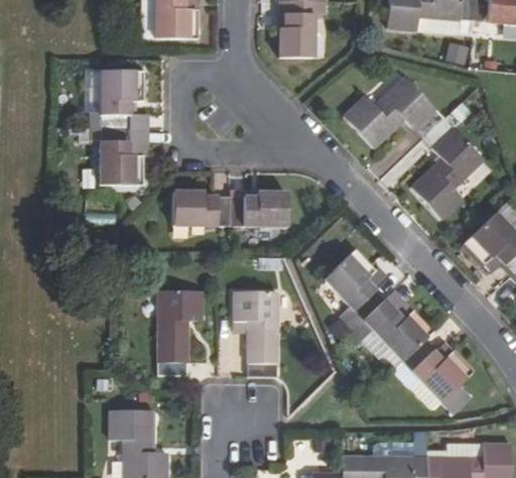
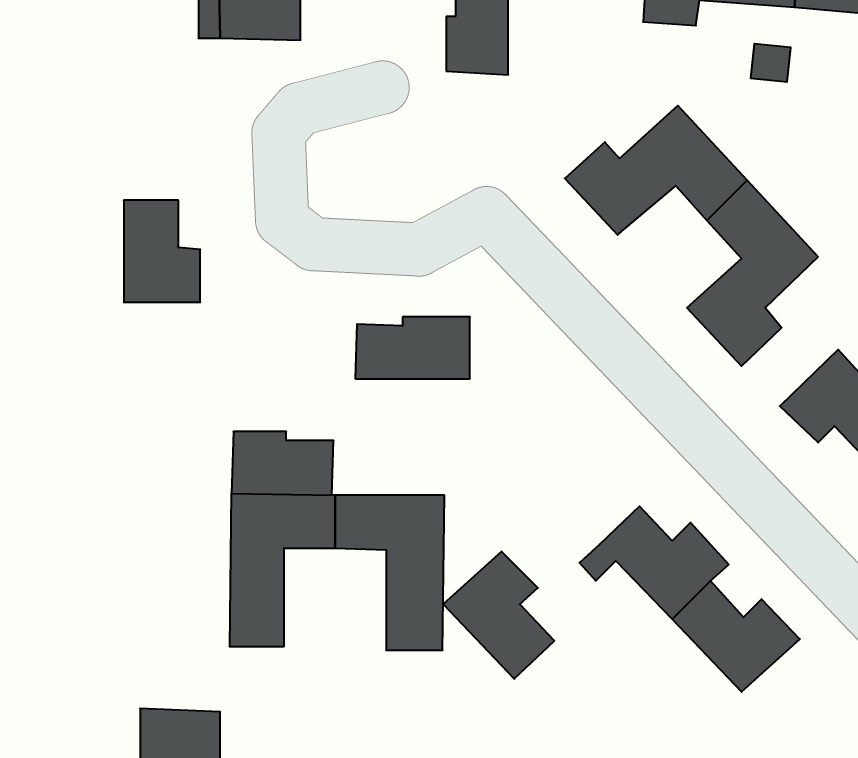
building: [100,70,148,128] -> none
building: [172,192,229,227] -> [232,432,334,495]
building: [324,248,385,319] -> [443,551,554,679]

